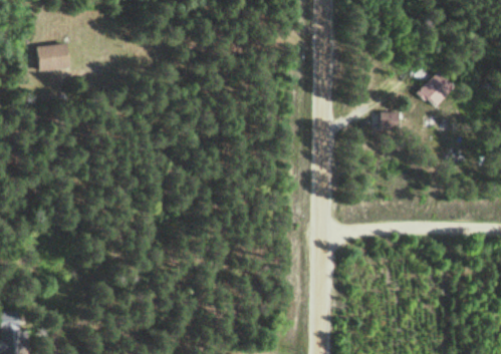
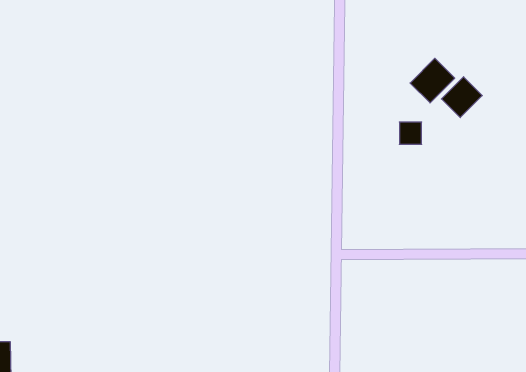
building: [36,44,69,71] -> none
building: none -> [410,58,455,103]

